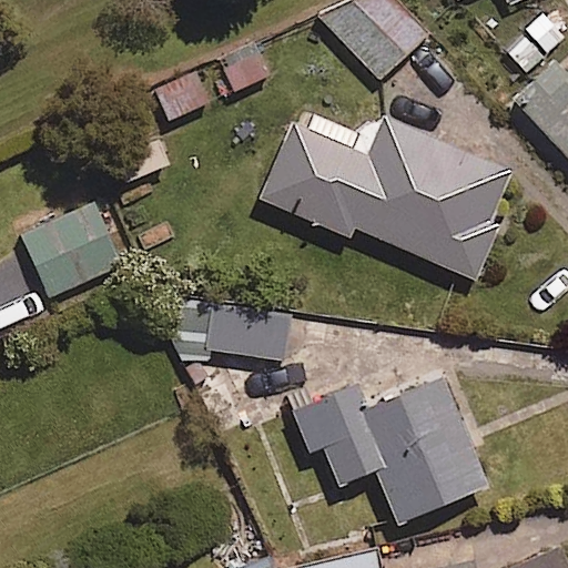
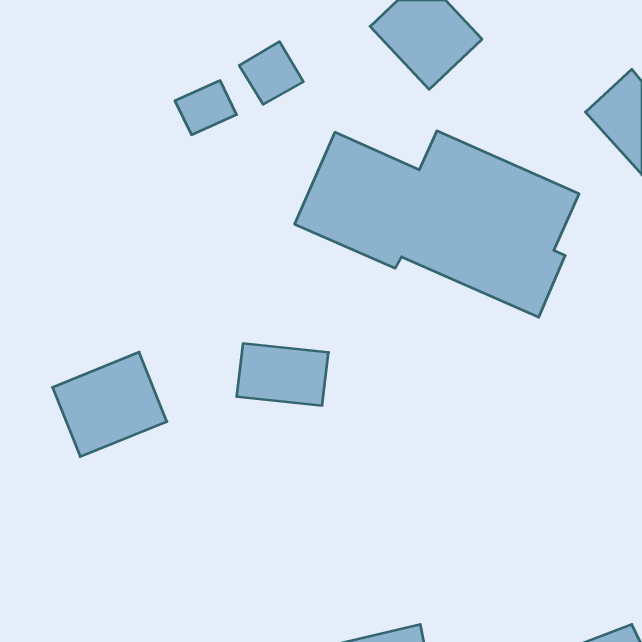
building: [22,204,123,296] -> [52,352,167,457]
building: [294,381,484,521] -> none

